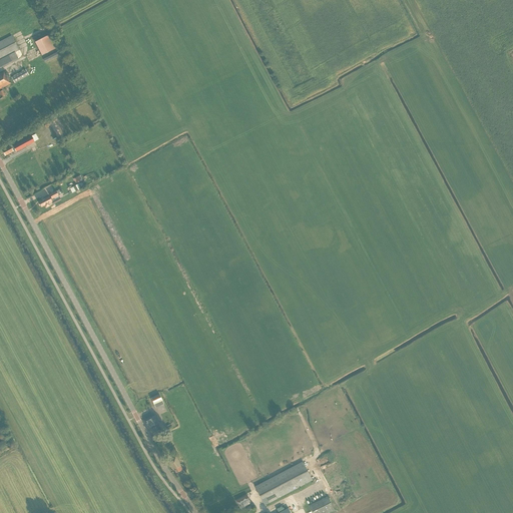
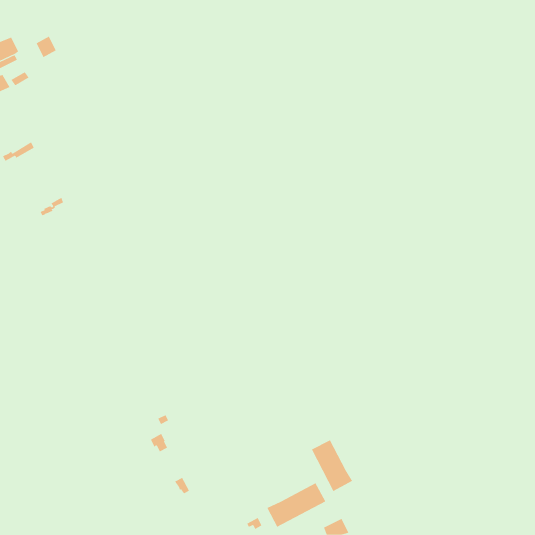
building: none -> [311,439,353,492]

